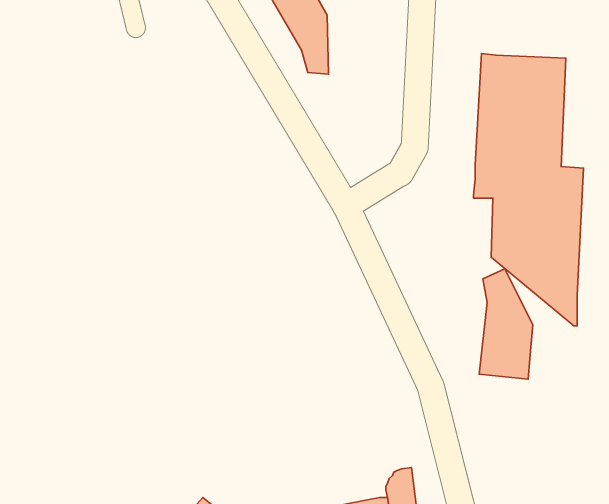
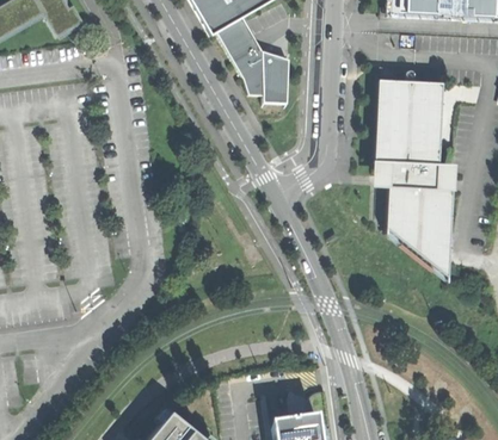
building: none -> [263,50,289,103]
building: [479,269,533,379] -> none

